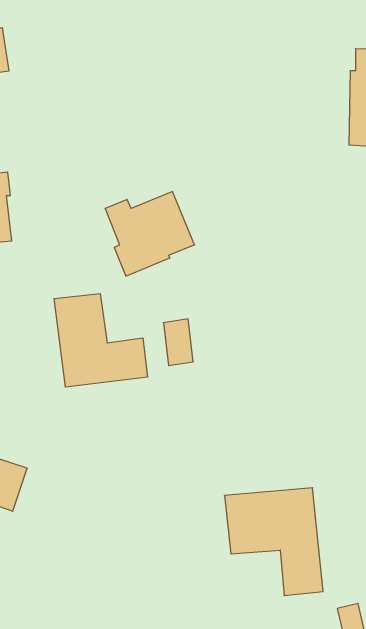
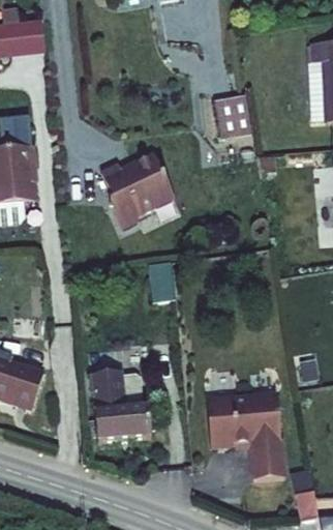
building: none -> [217,90,254,131]
building: [54,294,147,387] -> none
building: none -> [94,369,155,440]

